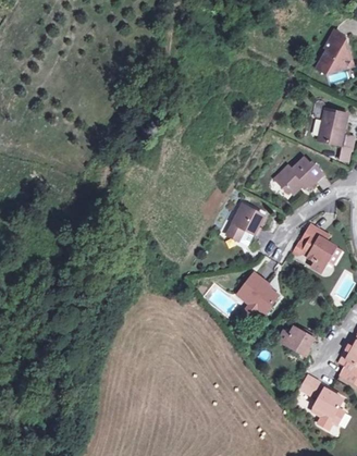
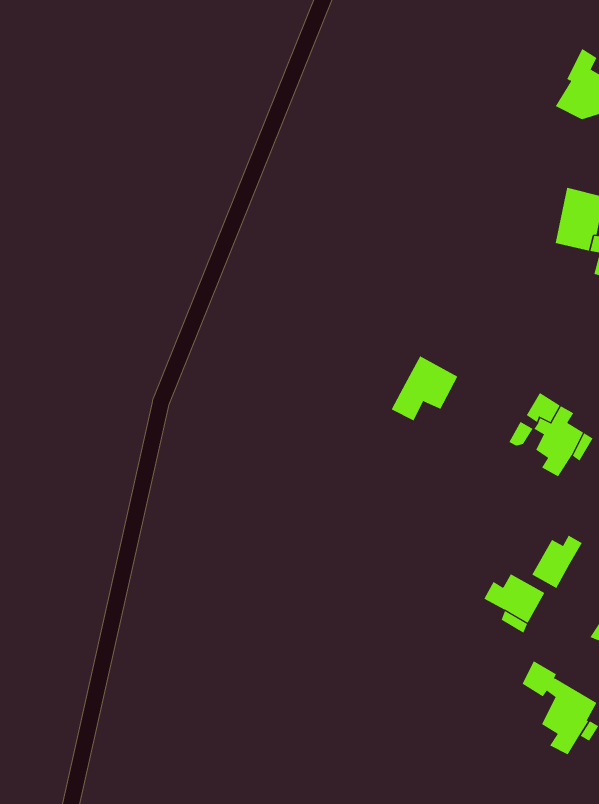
building: [275,157,323,194] -> none
building: [237,272,279,313] -> none
building: none -> [532,535,582,589]

